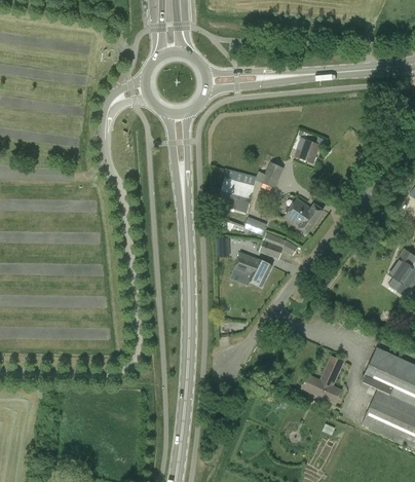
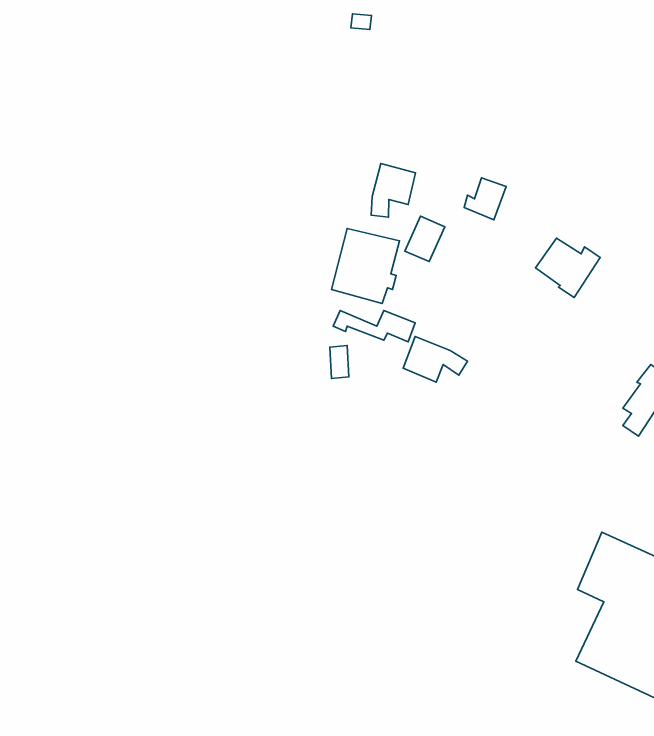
building: none -> [371,163,416,217]
building: [286,198,324,233] -> [536,238,600,298]
building: [234,252,273,287] -> none
building: [302,356,345,403] -> none

